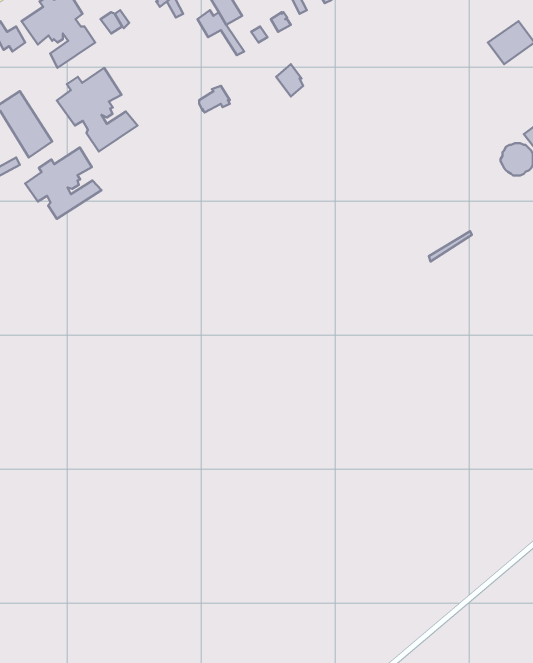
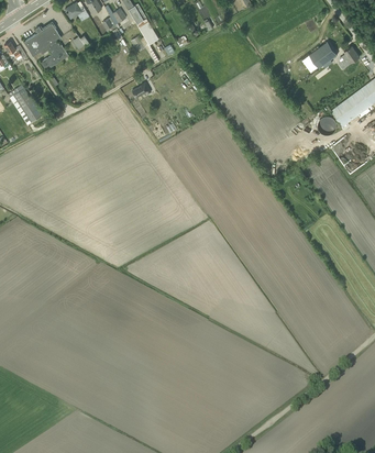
building: [57,68,138,151] -> none
building: [25,148,102,219] -> none

